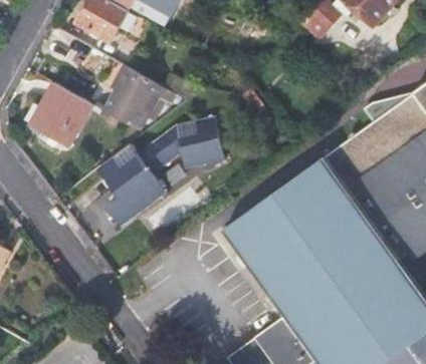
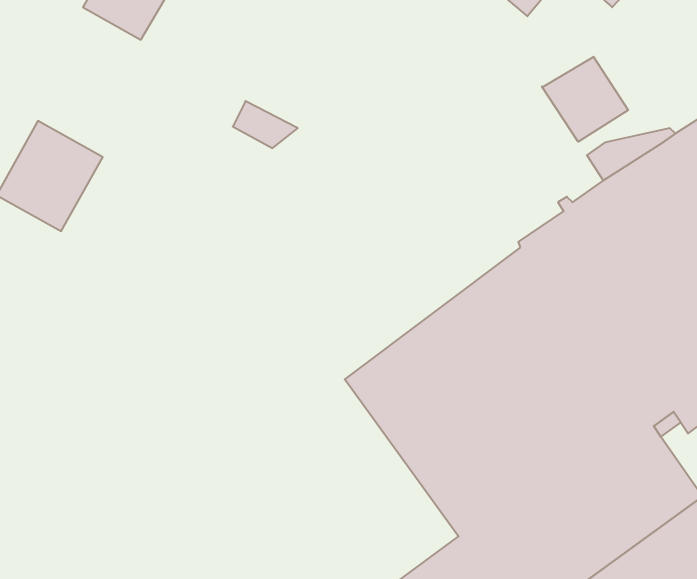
building: none -> [542,57,628,142]
building: [102,68,160,128] -> none
building: [96,117,223,229] -> none

